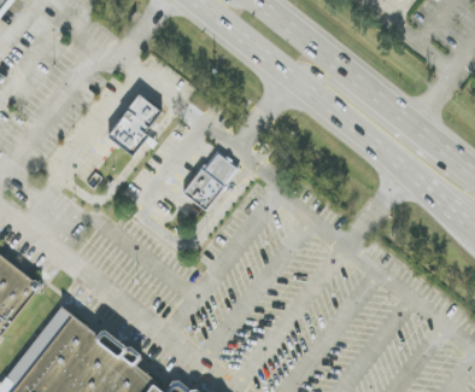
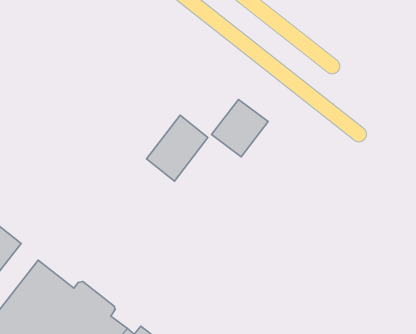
building: [106,92,162,154] -> none
building: none -> [212,100,268,157]

